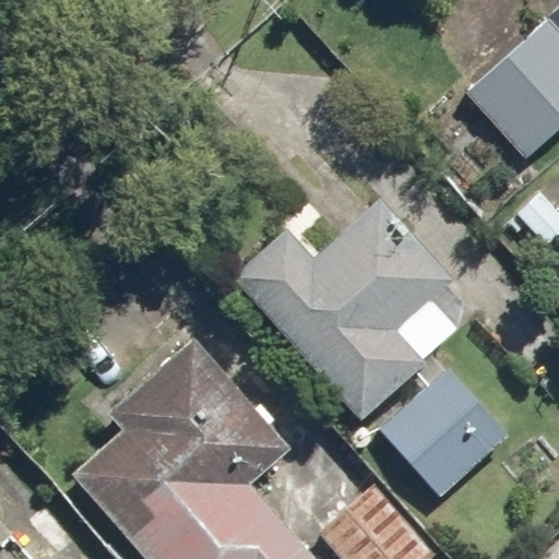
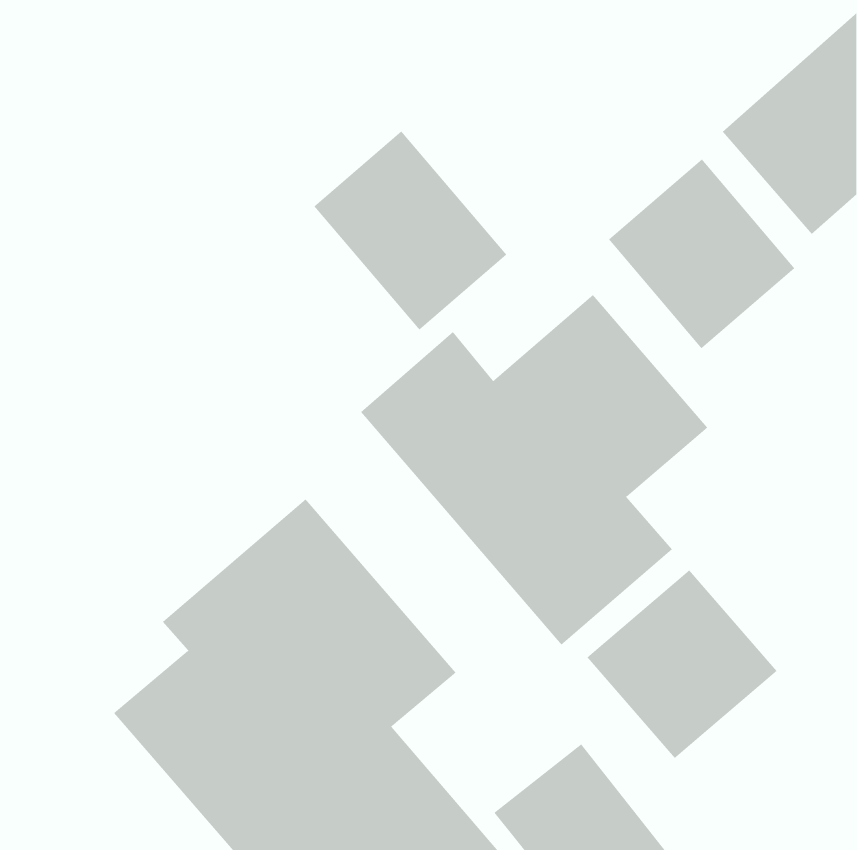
building: none -> [313,131,507,331]
building: none -> [608,158,795,349]

